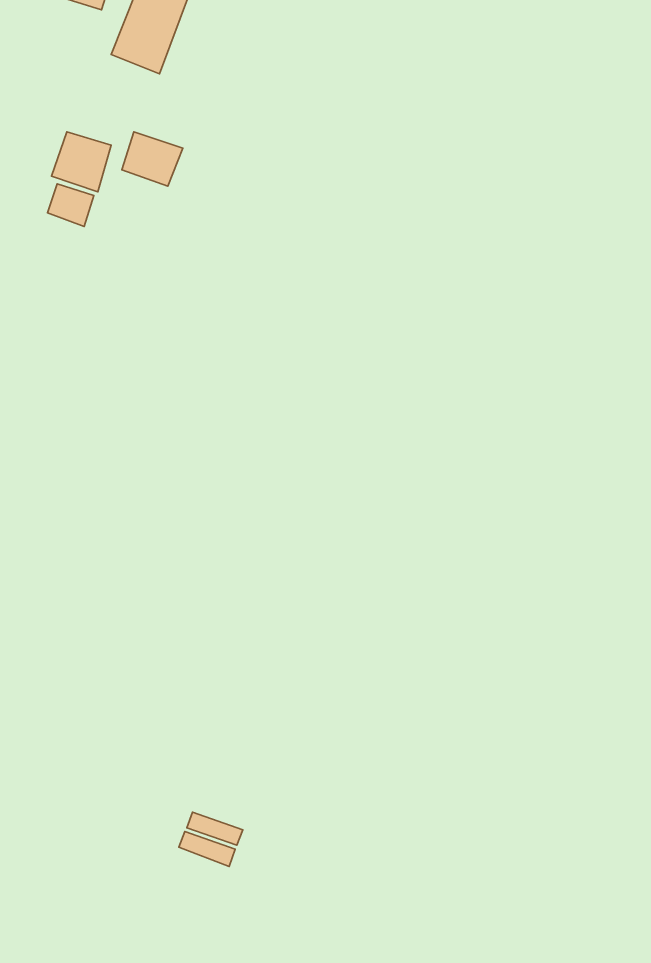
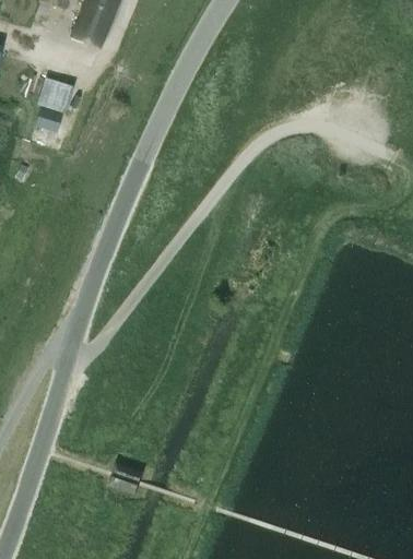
building: [122,132,183,186] -> none

